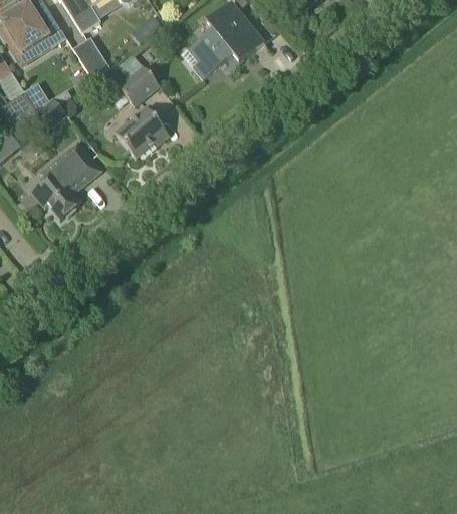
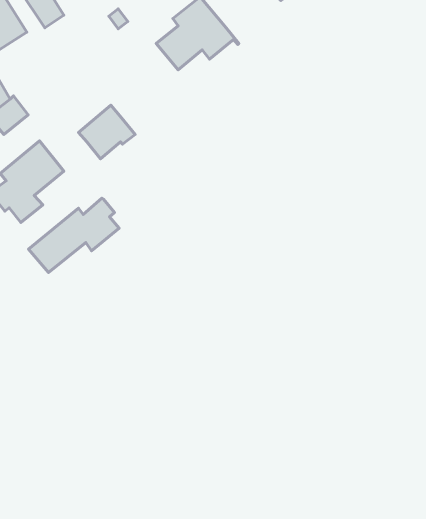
building: [72,37,109,80] -> none
building: [118,66,160,107] -> none
building: none -> [28,198,119,273]

